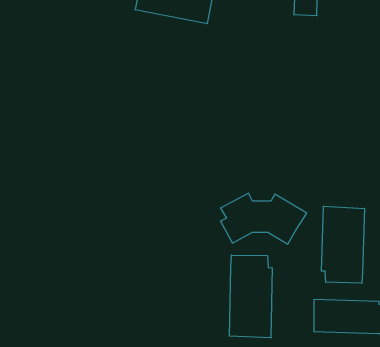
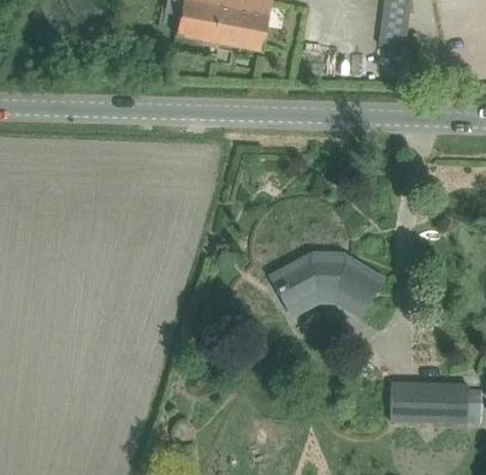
building: [321,206,364,283] -> none
building: [230,255,272,338] -> none

